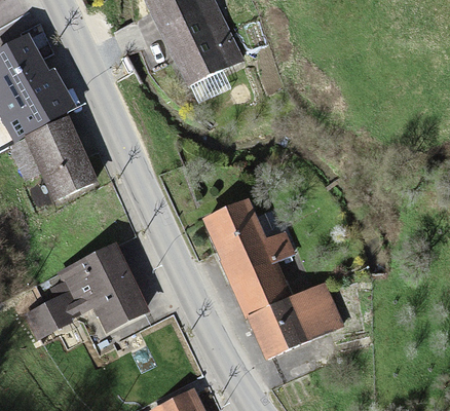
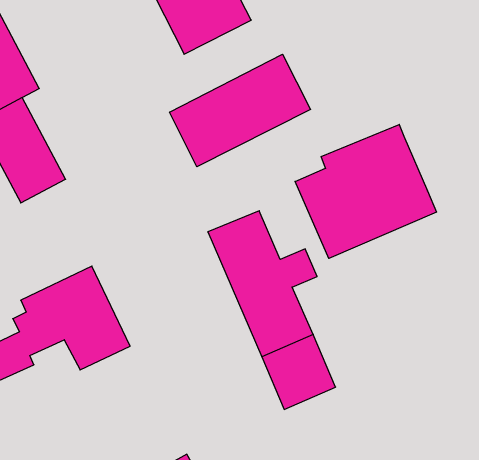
building: none -> [170,54,311,167]
building: none -> [295,124,436,258]
building: [288,284,341,340] -> none

